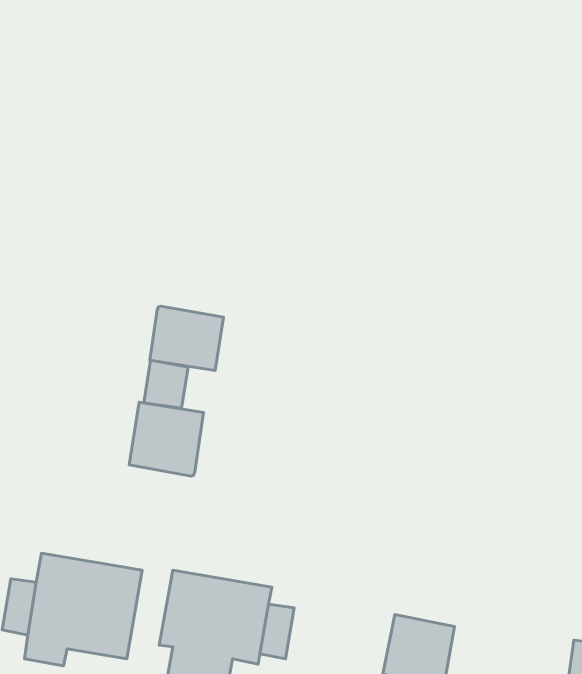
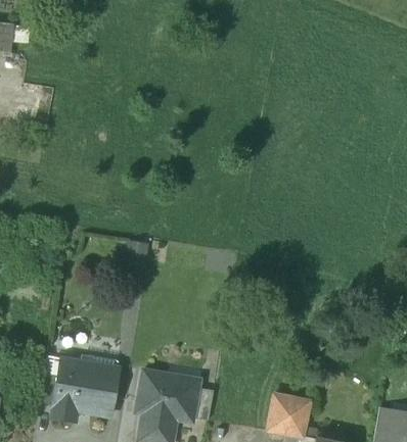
building: [150,306,224,371] -> none
building: [129,402,203,476] -> none

